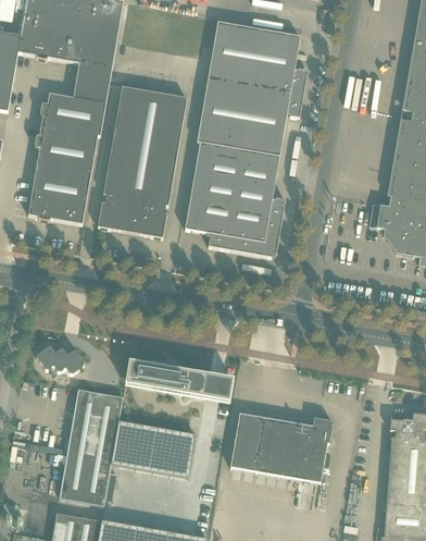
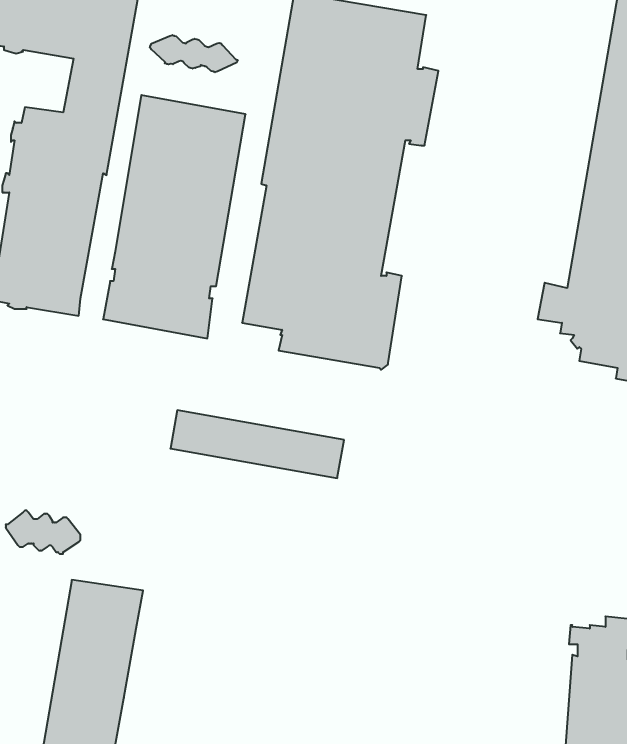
building: none -> [150,35,238,72]
building: [125,359,234,402] -> [170,410,344,478]
building: [229,413,333,481] -> none
building: [111,419,196,477] -> none

